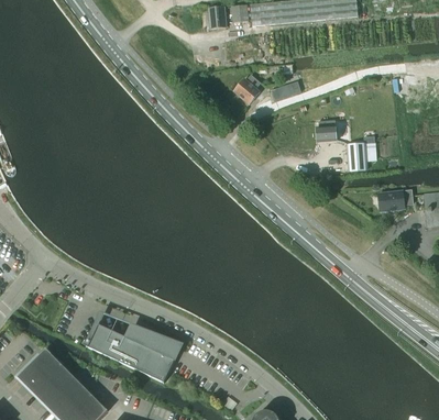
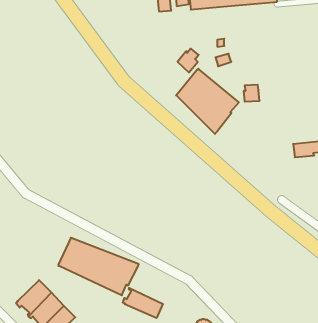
building: none -> [176,69,239,134]
building: [345,142,365,170] -> none
building: [17,349,61,389] -> none
building: none -> [123,288,163,318]

